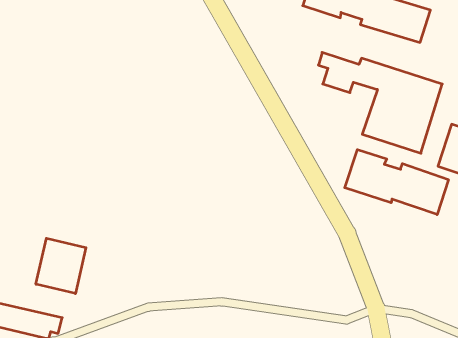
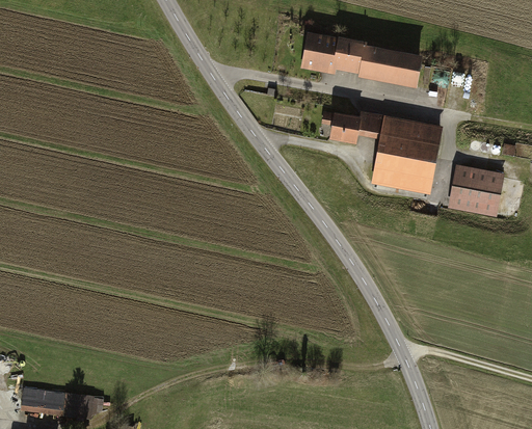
building: [345,150,448,215] -> none
building: [36,238,86,294] -> none

